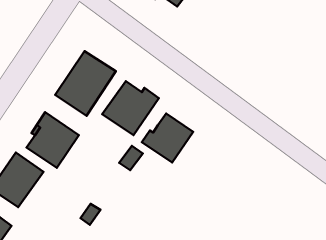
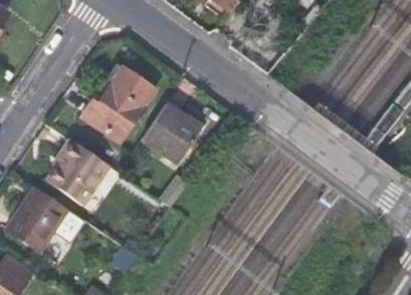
building: [142,113,193,163] -> none

